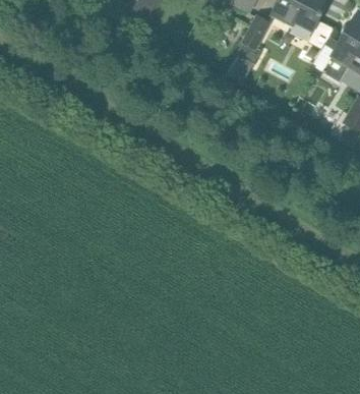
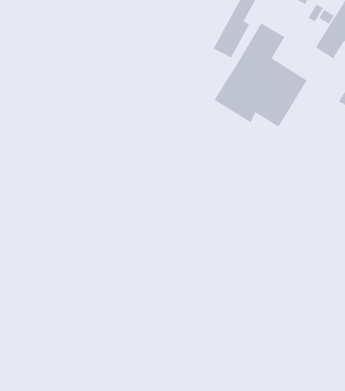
building: none -> [214,23,307,128]

